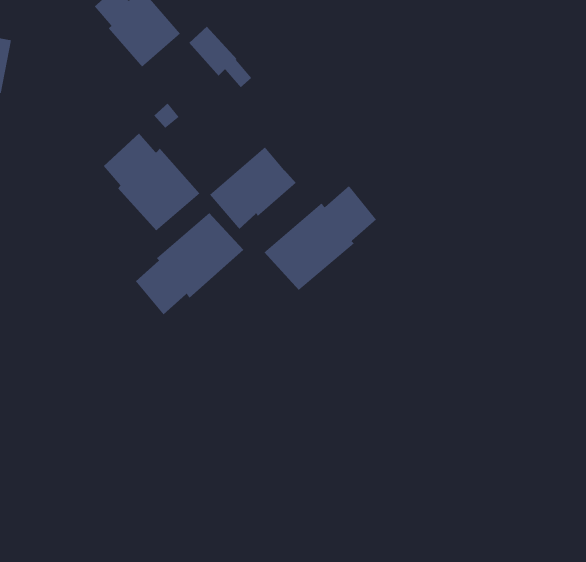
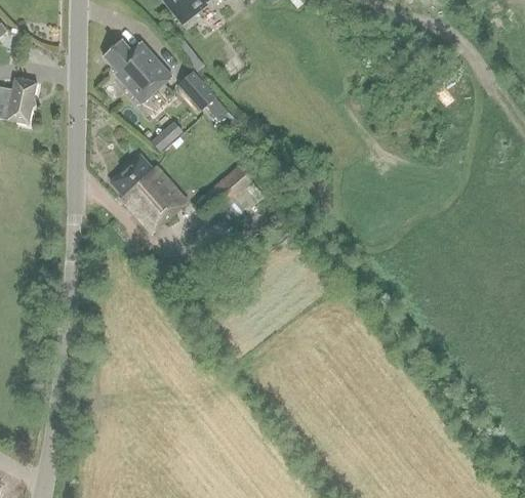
building: [264,185,377,291] -> none
building: [135,212,244,315] -> none

